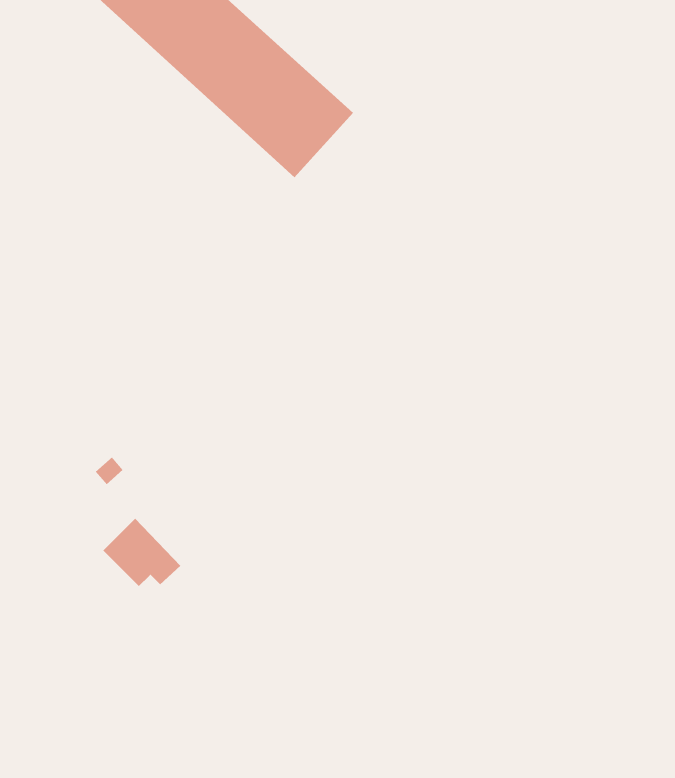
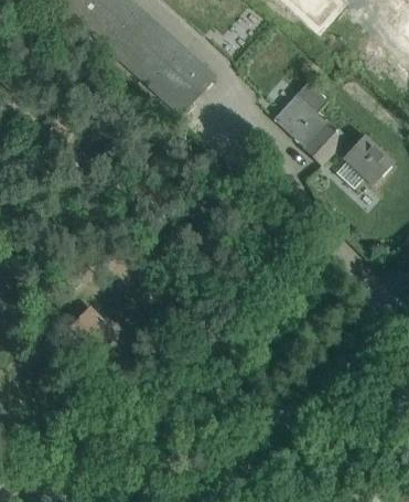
building: none -> [271,81,390,183]

